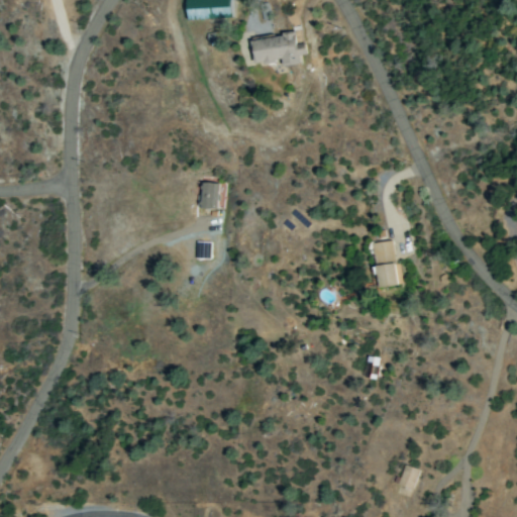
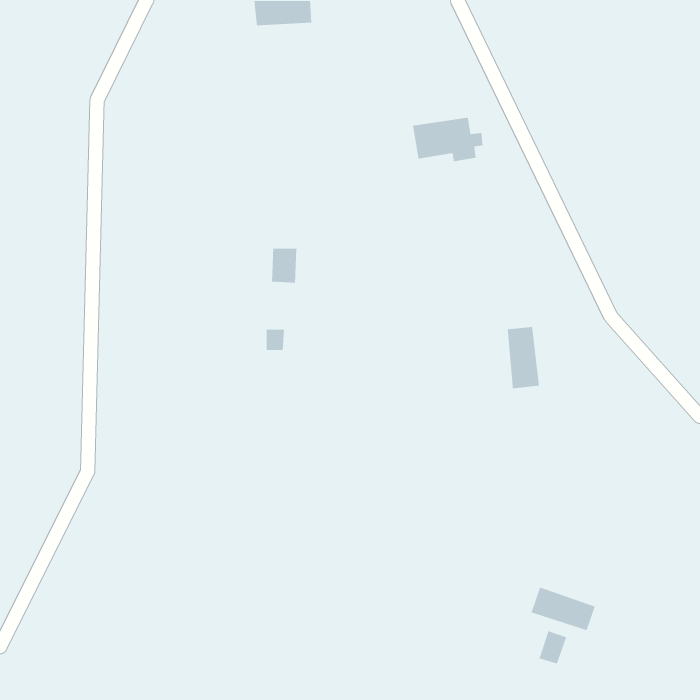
building: [252,32,305,66] -> [412,117,483,162]
building: none -> [531,587,596,631]

